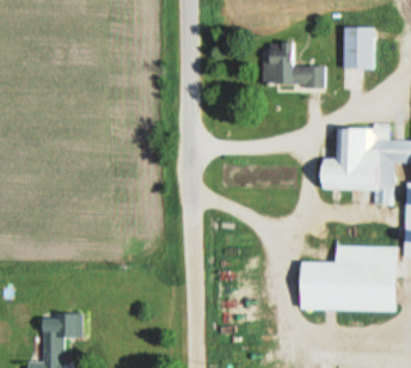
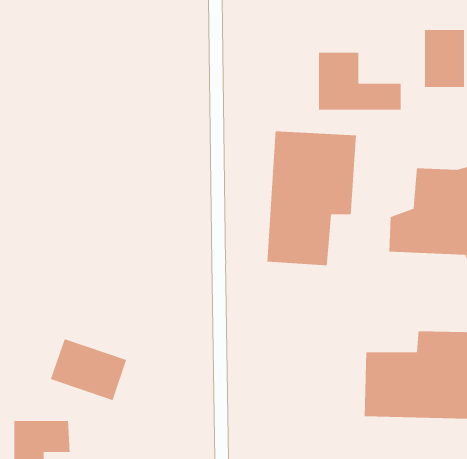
building: none -> [267,131,357,266]
building: none -> [50,338,127,401]

